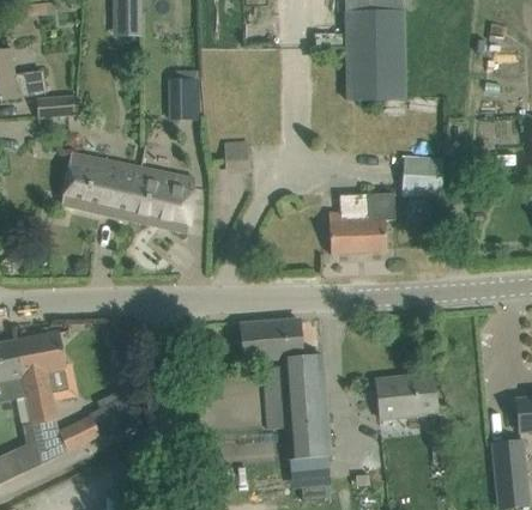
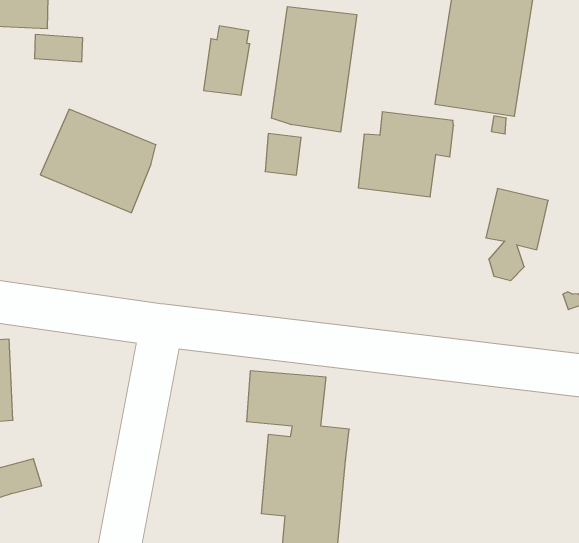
building: none -> [272,7,357,132]
building: [132,166,195,232] -> none
building: [328,193,395,255] -> [358,112,454,197]
building: [375,374,439,418] -> none

